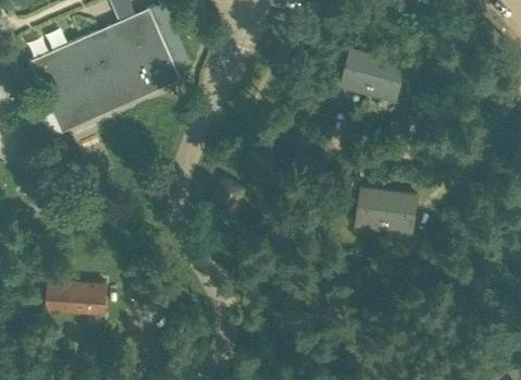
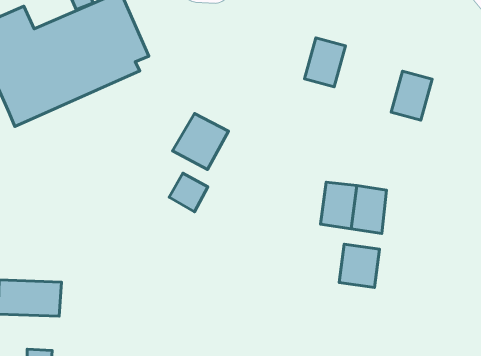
building: [366,57,405,103] -> [391,71,432,120]
building: none -> [172,113,228,169]
building: none -> [339,244,379,288]

